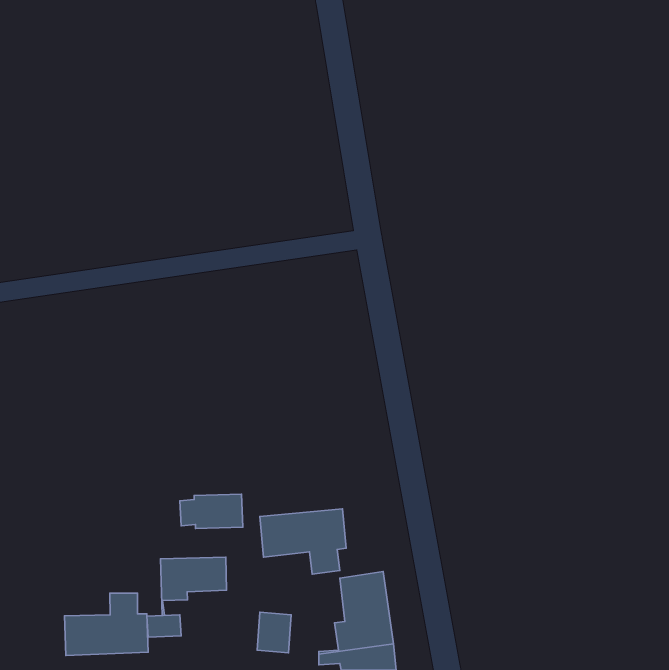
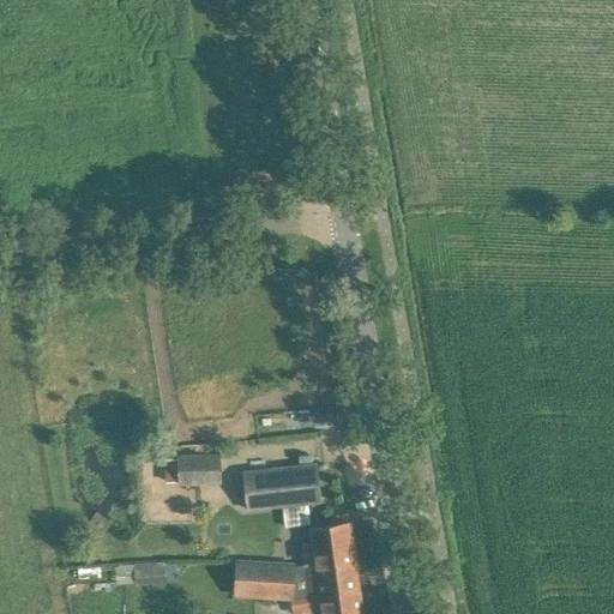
building: [160,557,226,616] -> none
building: [64,593,148,655] -> none
building: none -> [265,562,295,598]

